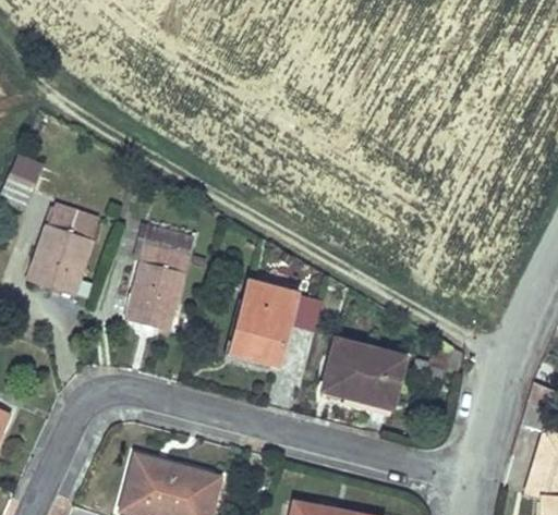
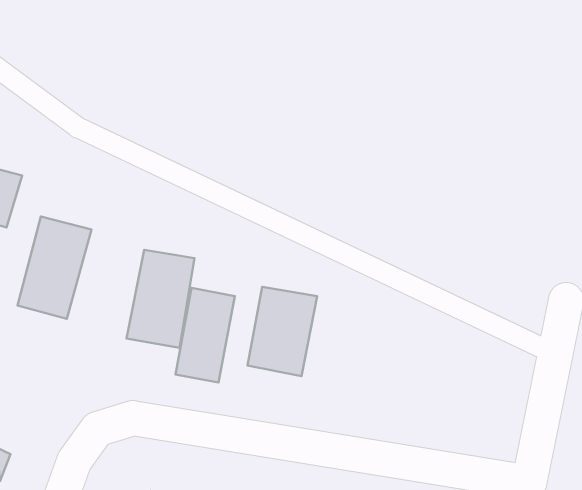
building: none -> [176,288,235,383]
building: [323,339,407,404] -> none

